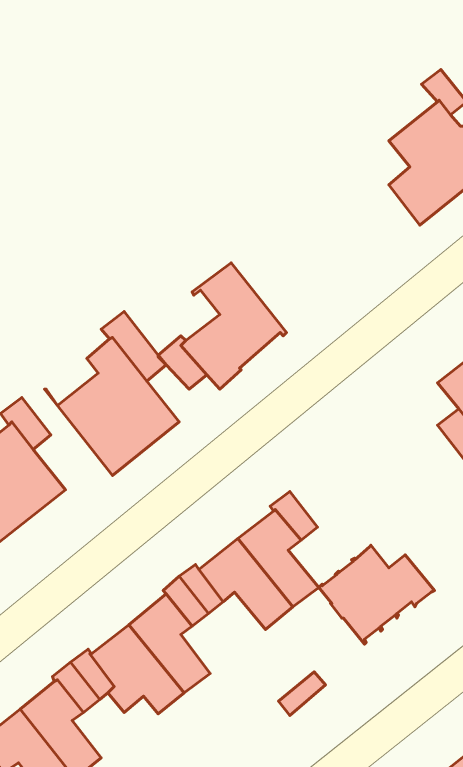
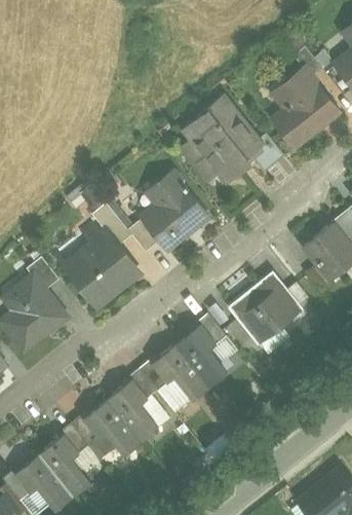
building: none -> [184,97,282,180]
building: [319,545,434,644] -> [228,281,301,343]

